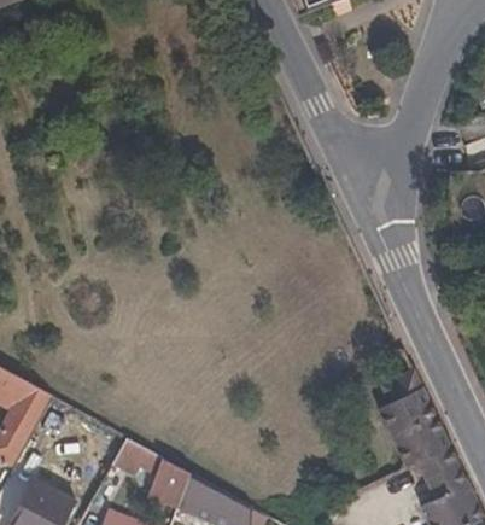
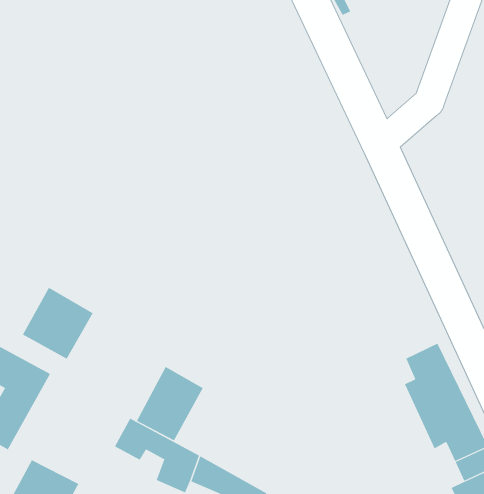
building: none -> [22,287,94,359]
building: none -> [136,366,204,441]

